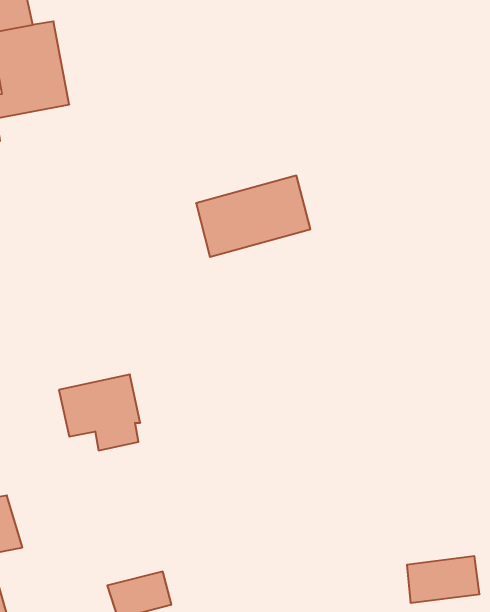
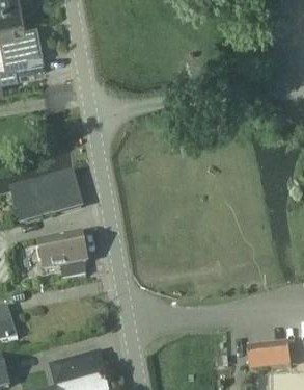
building: [196,176,310,257] -> [12,172,81,220]

